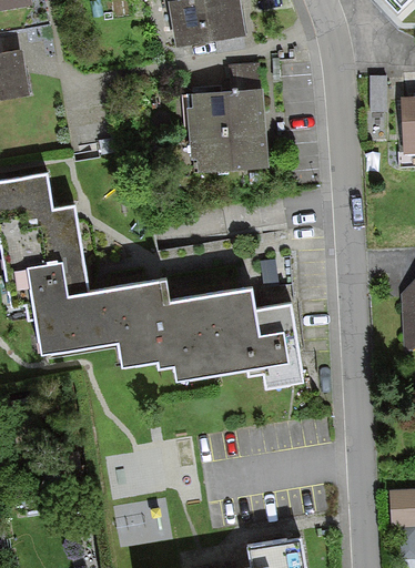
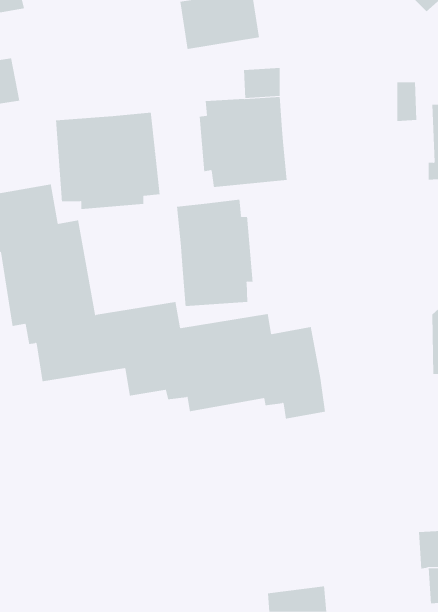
building: none -> [55,112,160,210]
building: none -> [177,199,253,307]

